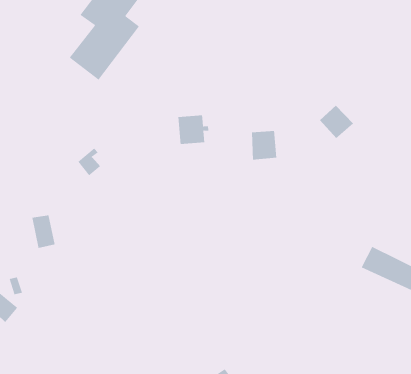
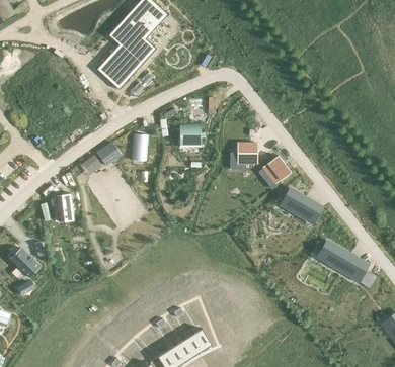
building: [319,105,354,139] -> [262,156,290,183]
building: none -> [130,133,148,161]
building: none -> [280,189,316,220]

